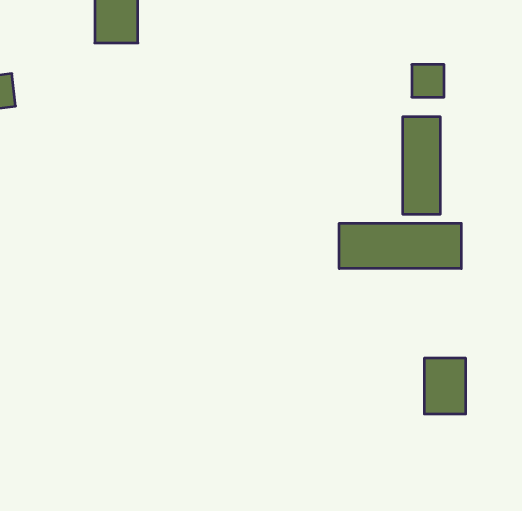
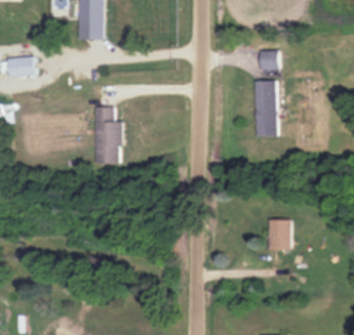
building: none -> [95,107,121,163]
building: [339,223,461,269] -> none

